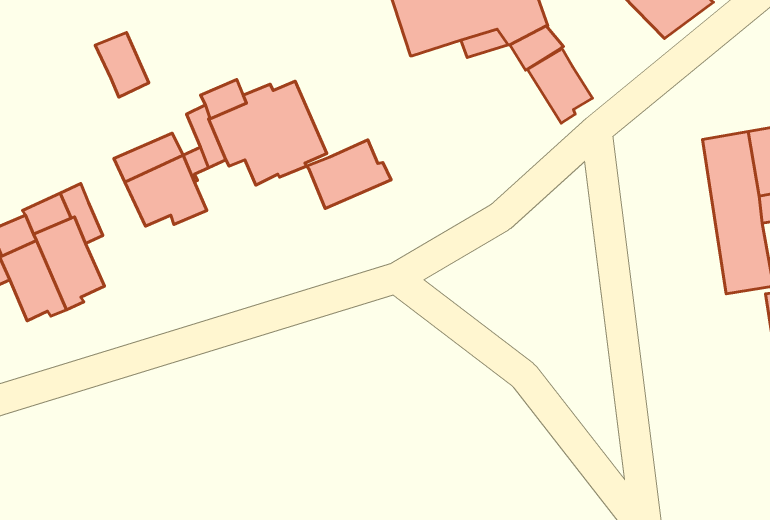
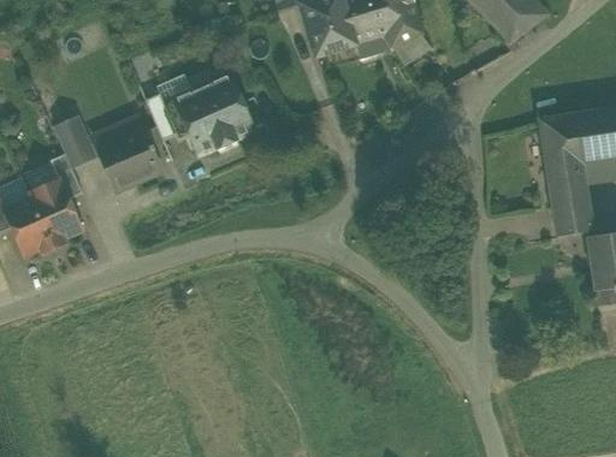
building: [95,32,149,97] -> [53,118,94,167]
building: [528,48,593,123] -> none
building: [306,140,391,208] -> none

